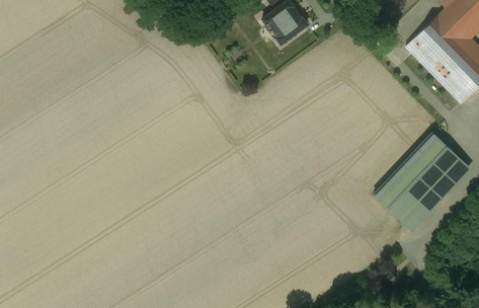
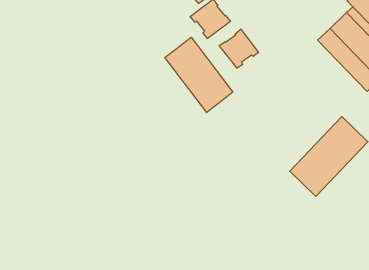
building: none -> [219,29,259,68]
building: none -> [165,37,233,112]

